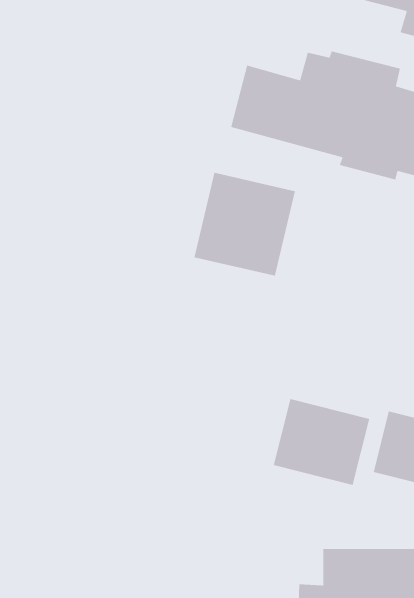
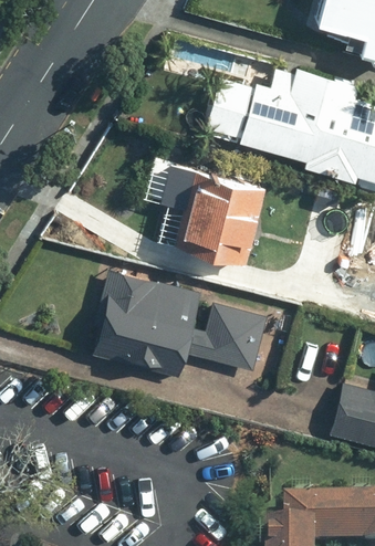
building: none -> [93,270,267,369]
building: [273,398,370,486] -> none

